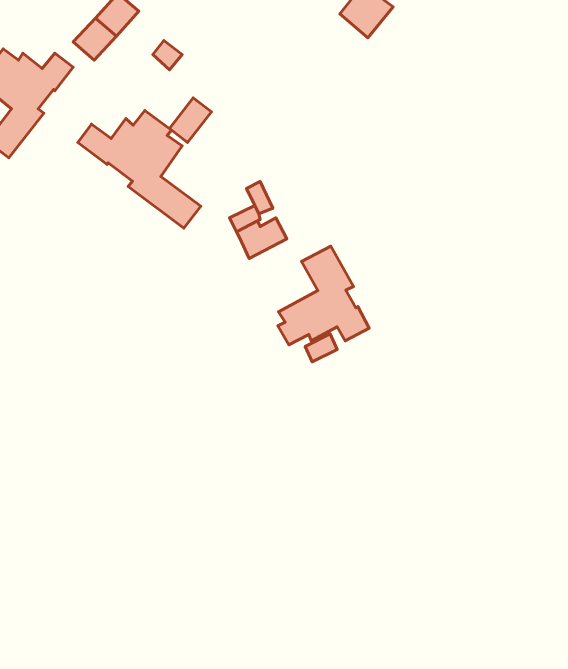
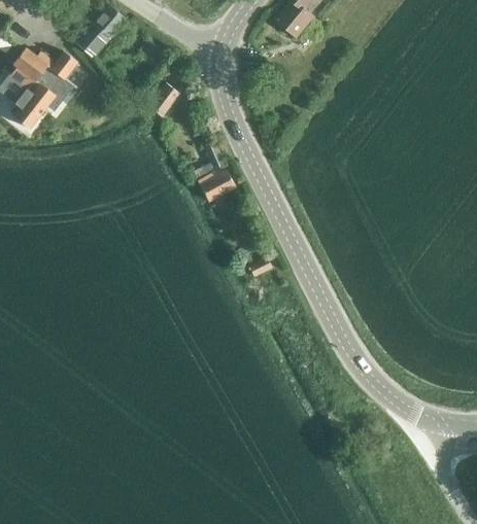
building: [78,111,201,228] -> none
building: [278,246,369,345] -> none

